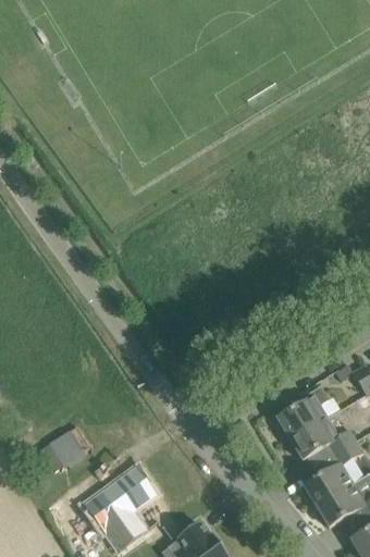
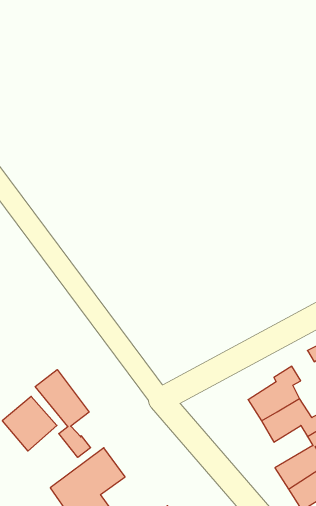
building: none -> [35,370,91,457]

